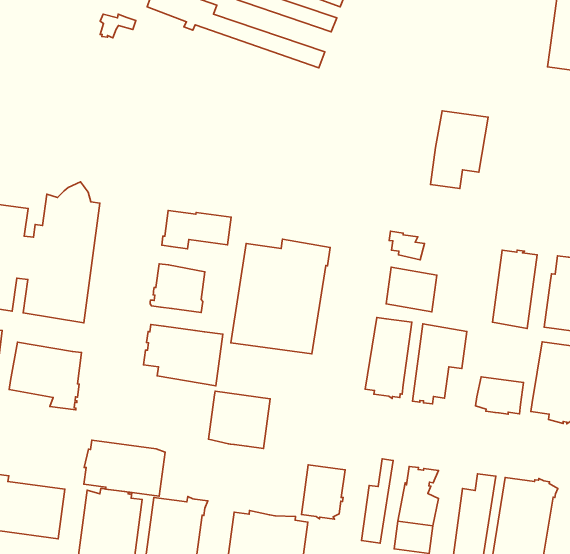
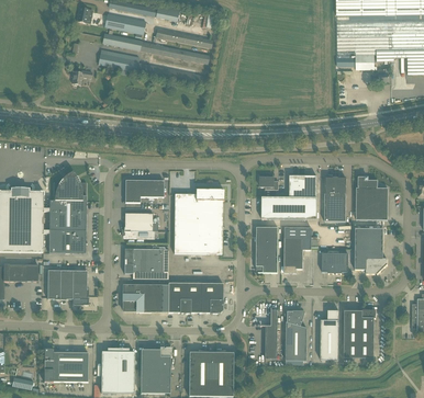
building: [430,111,488,188] -> [288,175,316,219]
building: [84,440,165,496] -> [121,284,167,311]
building: [301,465,345,519] -> [200,283,223,314]

